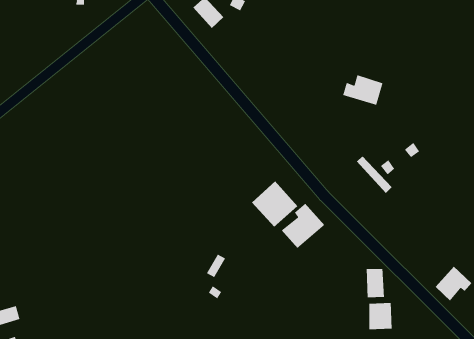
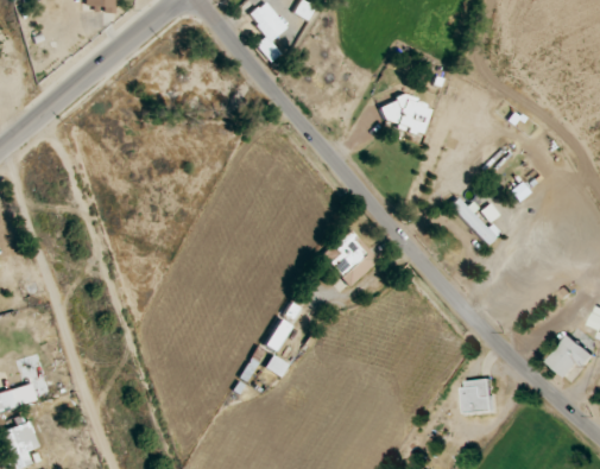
building: [342,74,384,106] -> [380,94,431,133]
building: [281,203,325,249] -> none
building: [366,268,385,298] -> none

